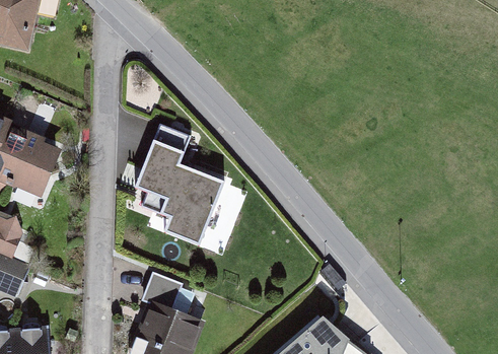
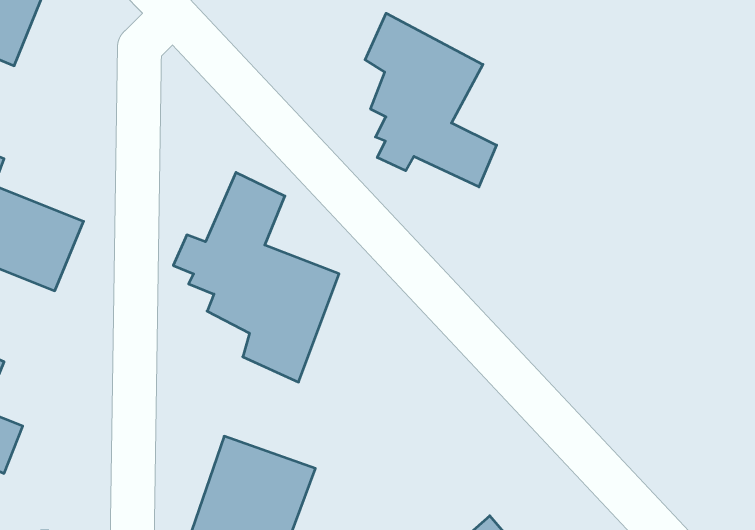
building: none -> [365,13,497,187]

